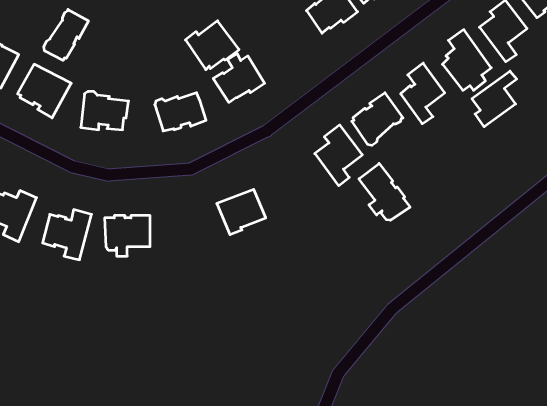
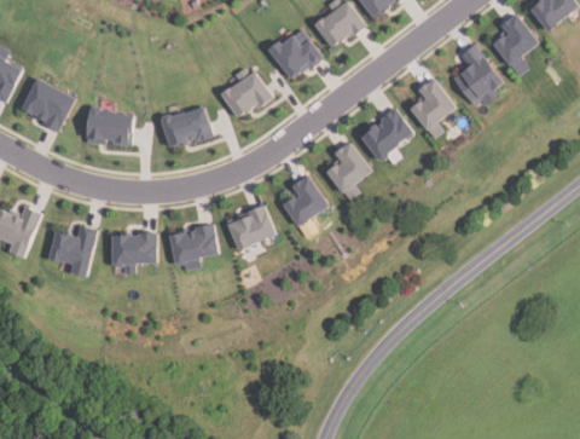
building: [44,9,88,60] -> none
building: [185,21,239,70] -> [268,29,323,79]
building: [472,71,517,127] -> none
building: none -> [282,175,326,226]
building: [359,163,410,220] -> none
building: none -> [168,224,216,271]

